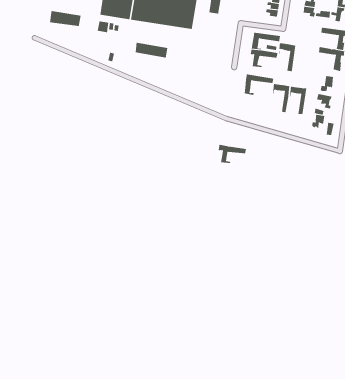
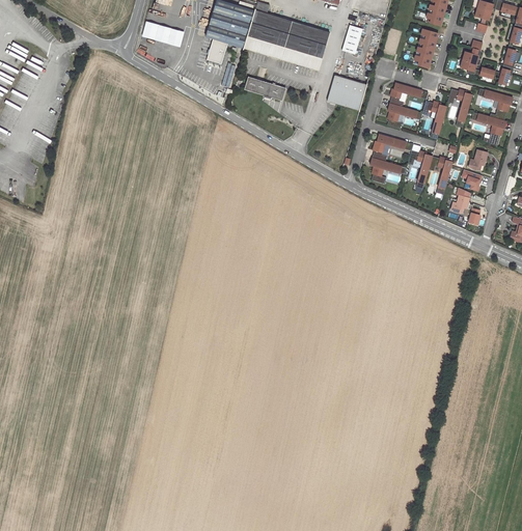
building: none -> [447,89,472,128]
building: none -> [327,76,367,111]
building: [218,144,247,164] -> [370,158,407,184]

